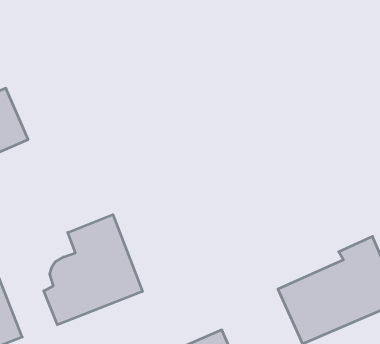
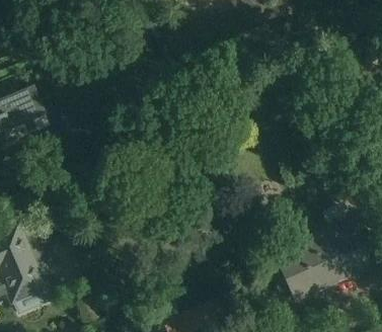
building: [44,215,142,325] -> none

